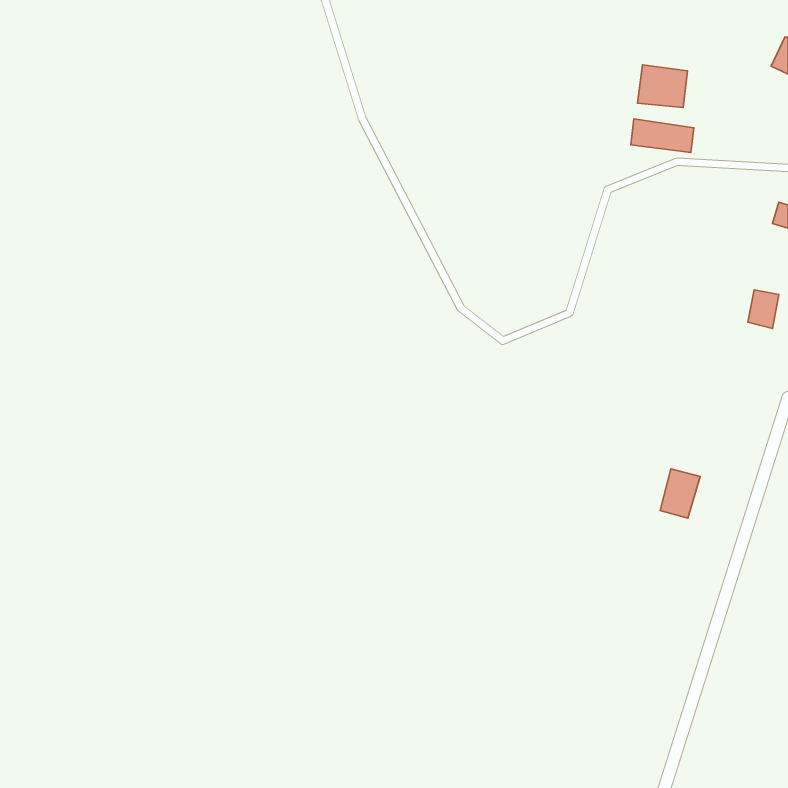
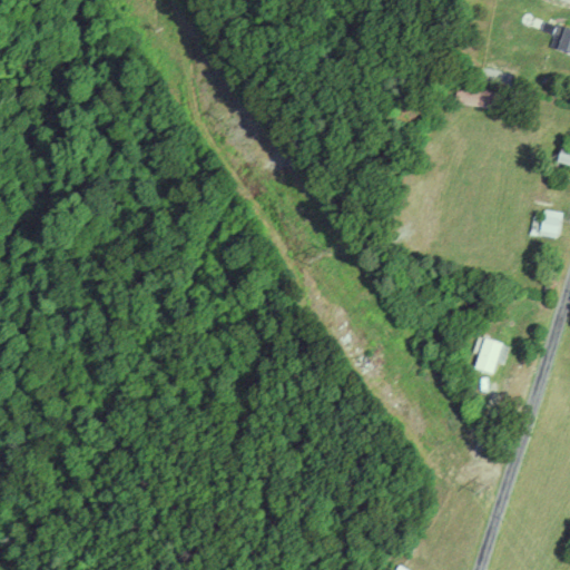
building: [638,65,688,107] -> none

